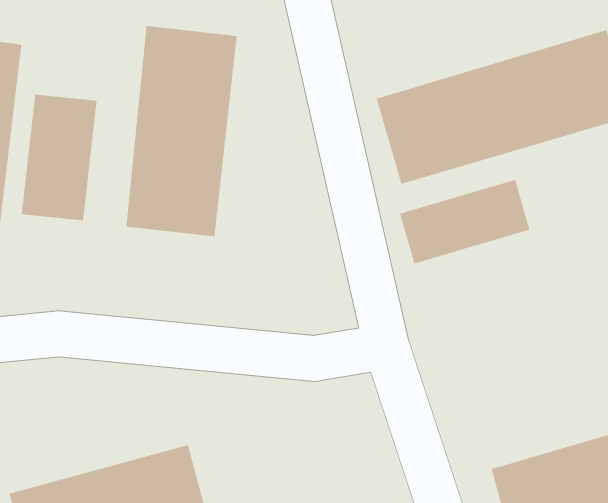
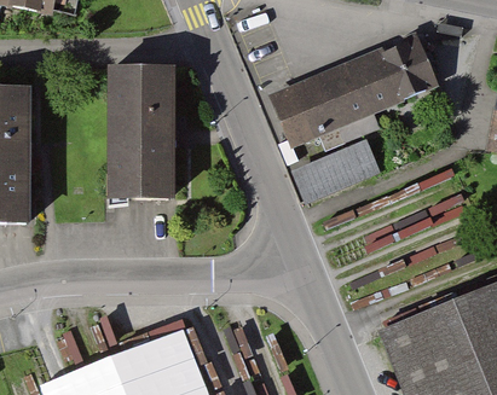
building: [21,94,97,221] -> none

